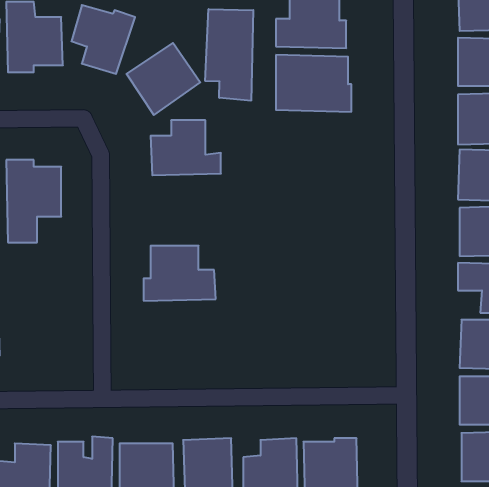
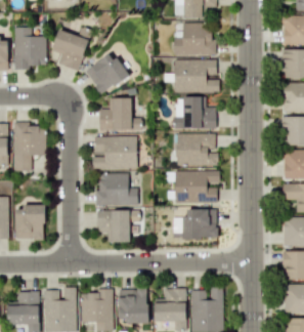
building: [205,9,253,101] -> none
building: none -> [180,96,216,129]
building: none -> [176,133,216,165]
building: none -> [93,136,137,170]
building: none -> [174,170,220,203]
building: none -> [16,206,45,240]
building: none -> [184,209,217,239]
building: none -> [97,210,130,242]

